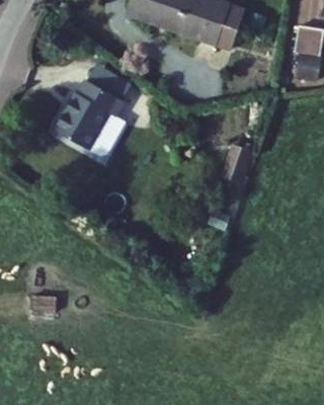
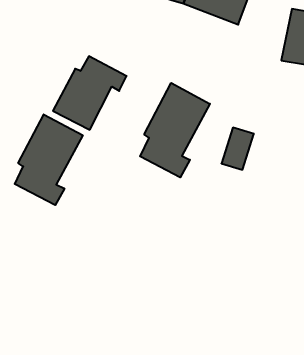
building: none -> [140,83,210,177]
building: none -> [15,114,83,205]

